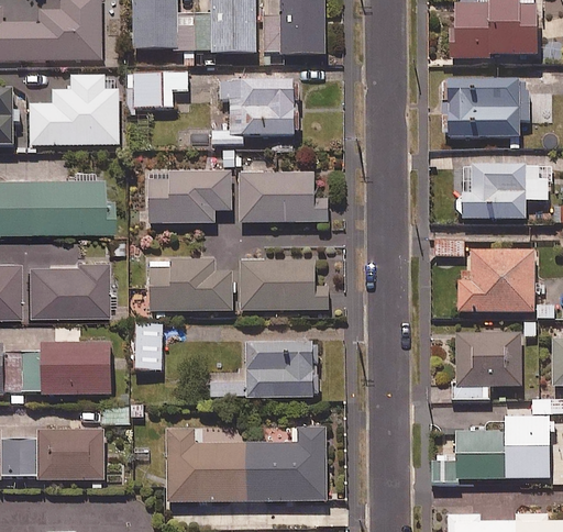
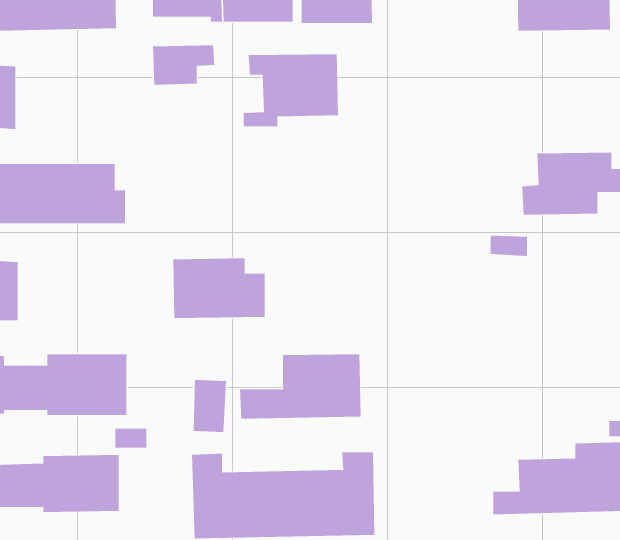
building: [30,74,120,145] -> none
building: [441,80,527,146] -> none
building: [150,169,232,222] -> none
building: [240,170,328,221] -> none
building: [455,251,531,313] -> none
building: [25,259,107,312] -> none
building: [241,259,329,309] -> none
building: [133,323,163,369] -> [193,379,227,432]
building: [453,333,519,399] -> none

